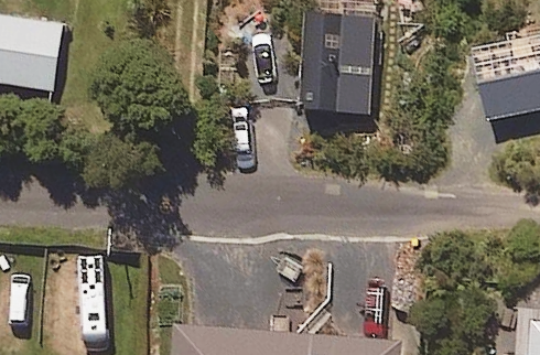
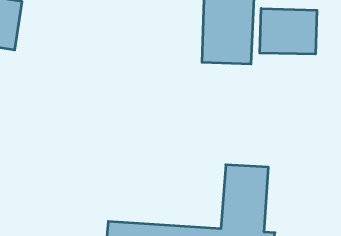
building: none -> [260,8,317,54]

